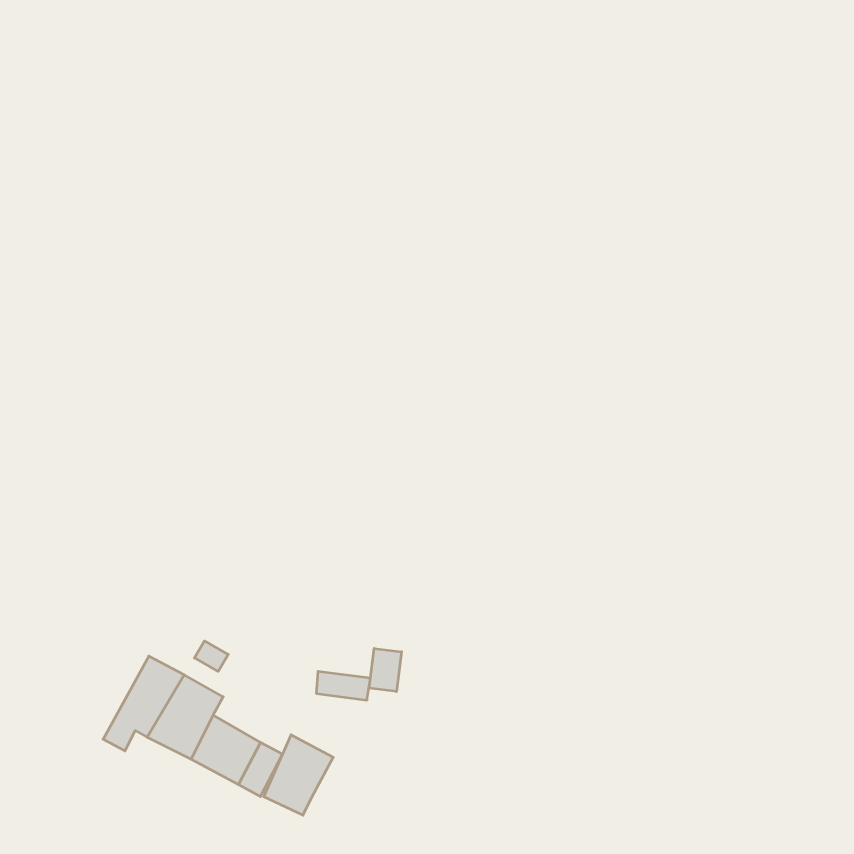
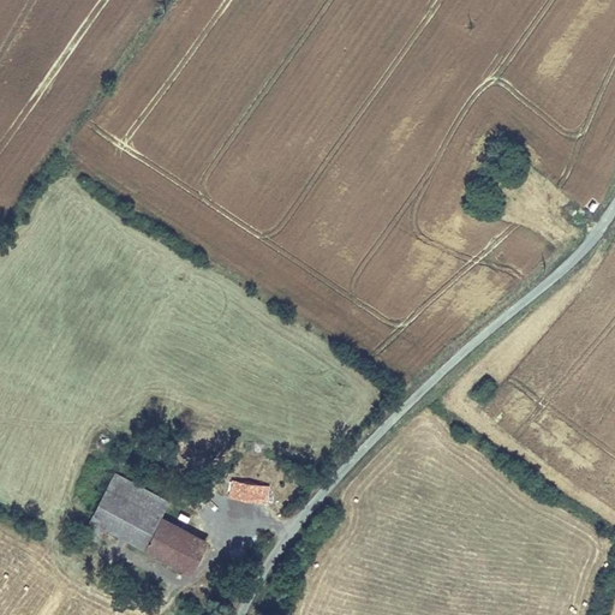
building: [369,648,402,692] -> none
building: [264,735,333,815] -> none

